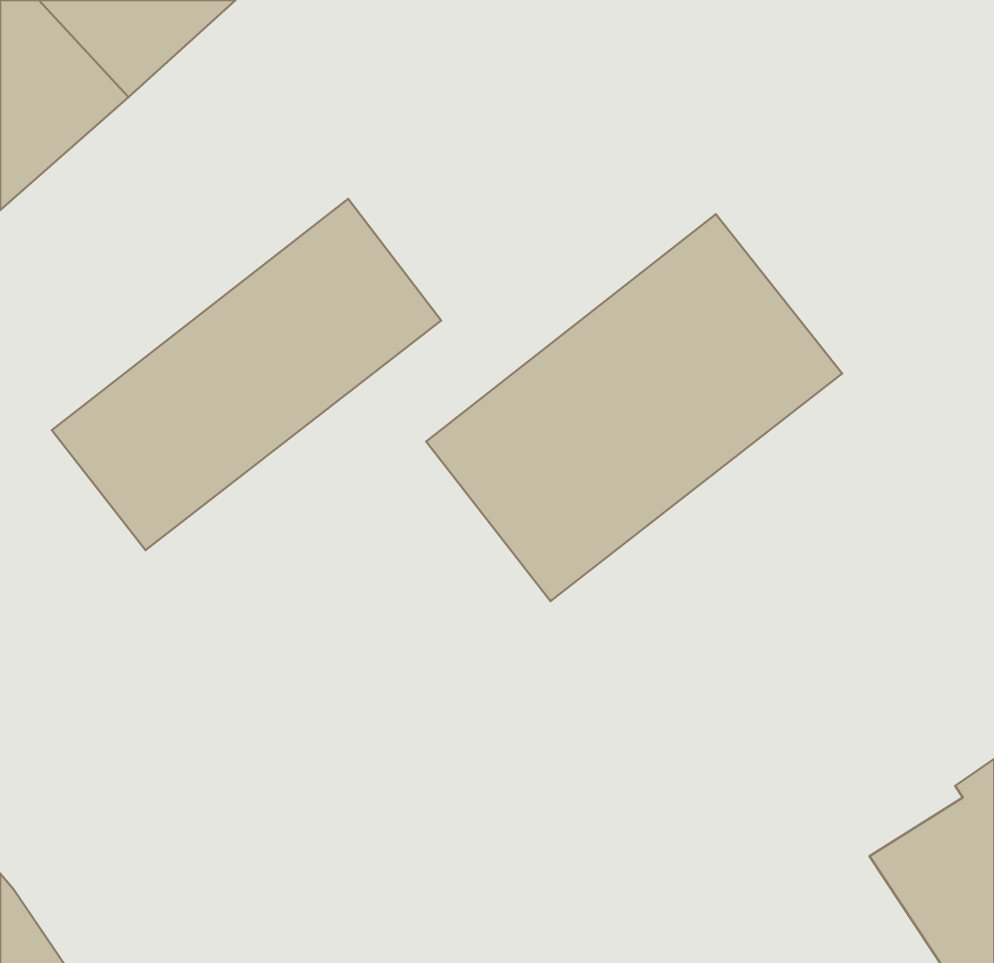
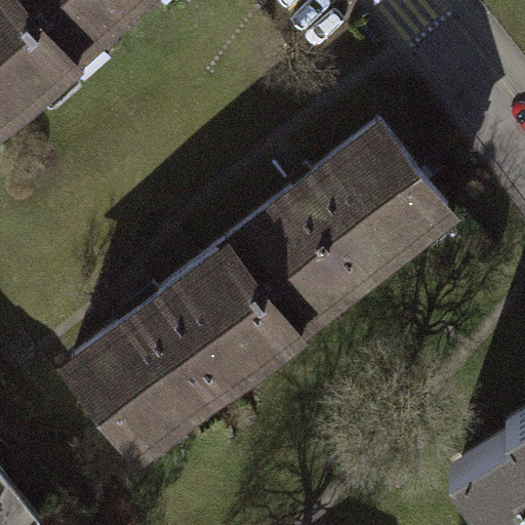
building: [52,199,441,550] -> none
building: none -> [71,249,290,453]

